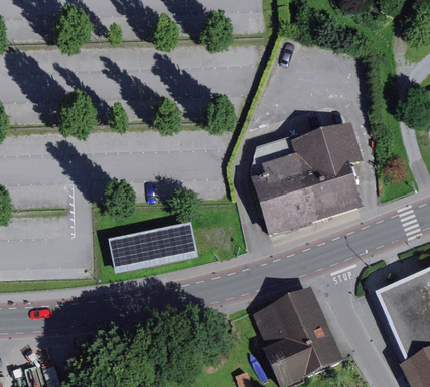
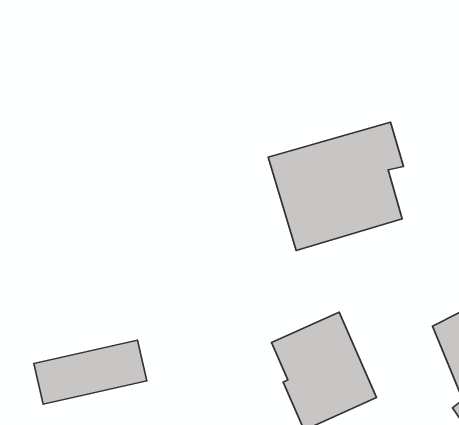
building: [106,218,203,273] -> [34,340,147,404]

